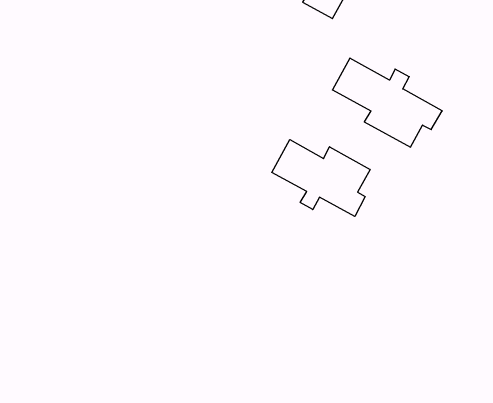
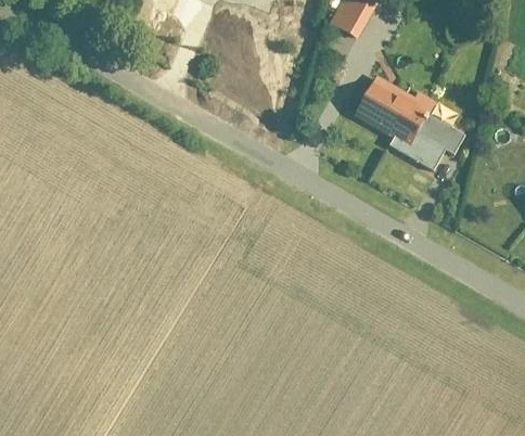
building: [272,140,370,216] -> none

